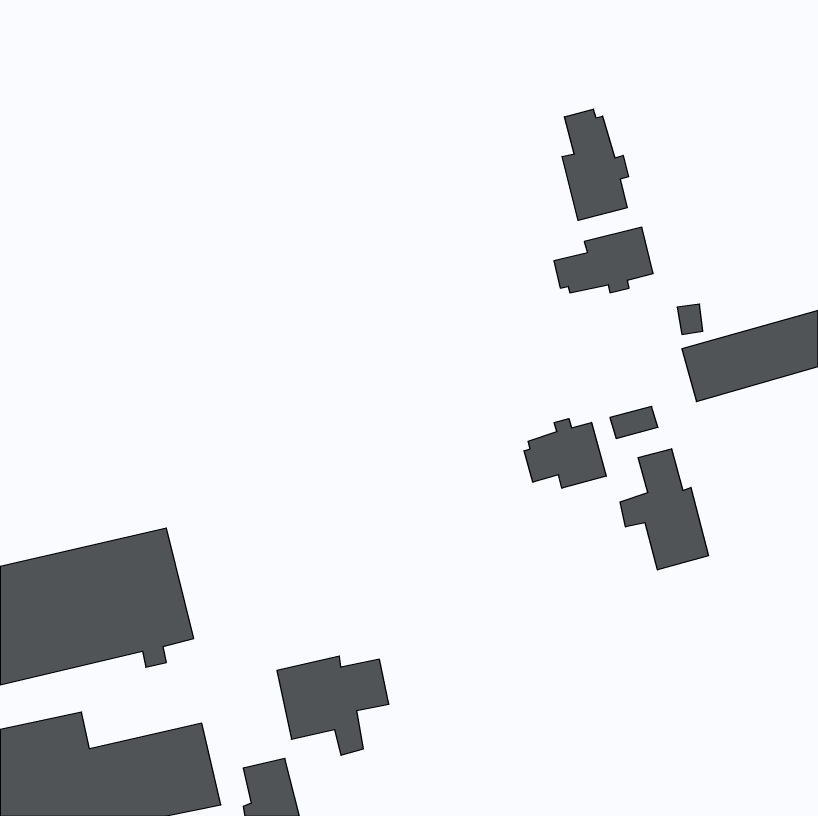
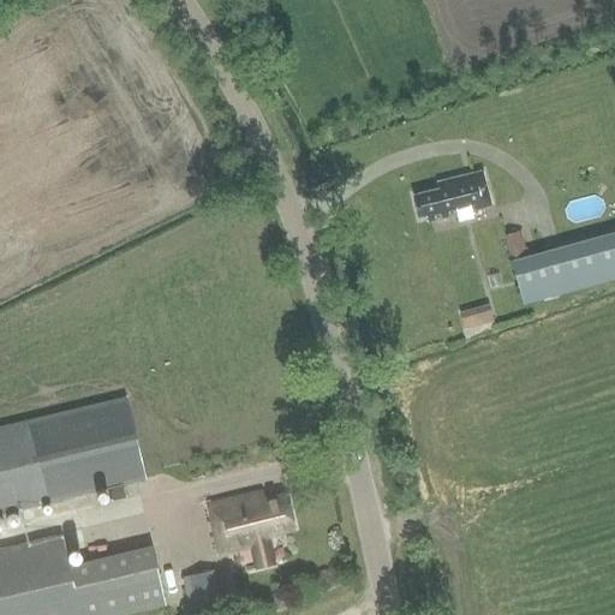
building: [562,109,628,220] -> none
building: [524,419,606,488] -> none
building: [620,449,709,570] -> none

